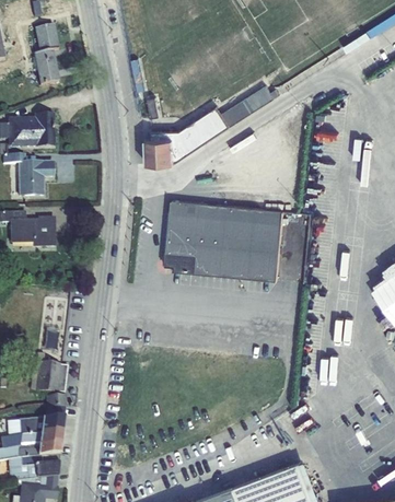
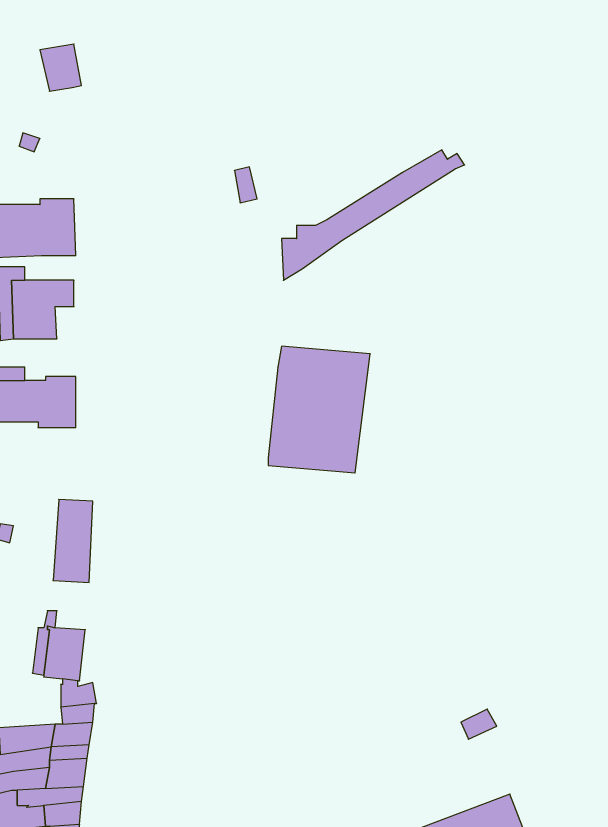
building: [34,51,59,86] -> none
building: [147,139,175,164] -> none
building: [217,206,283,281] -> none

